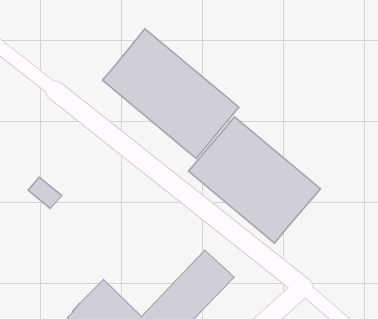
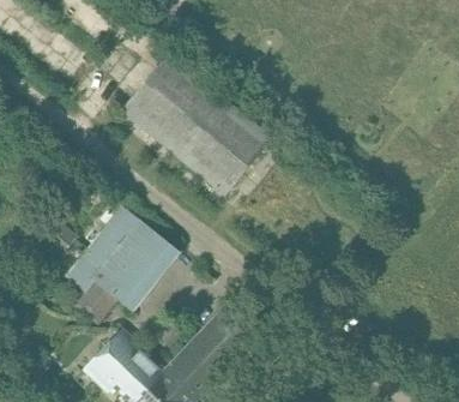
building: [189,117,320,243] -> none
building: none -> [67,208,176,310]

